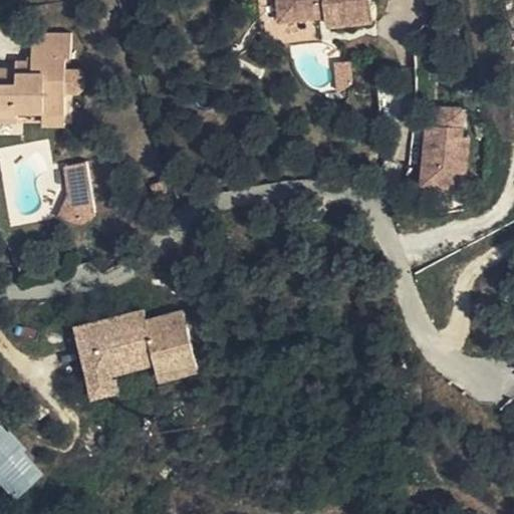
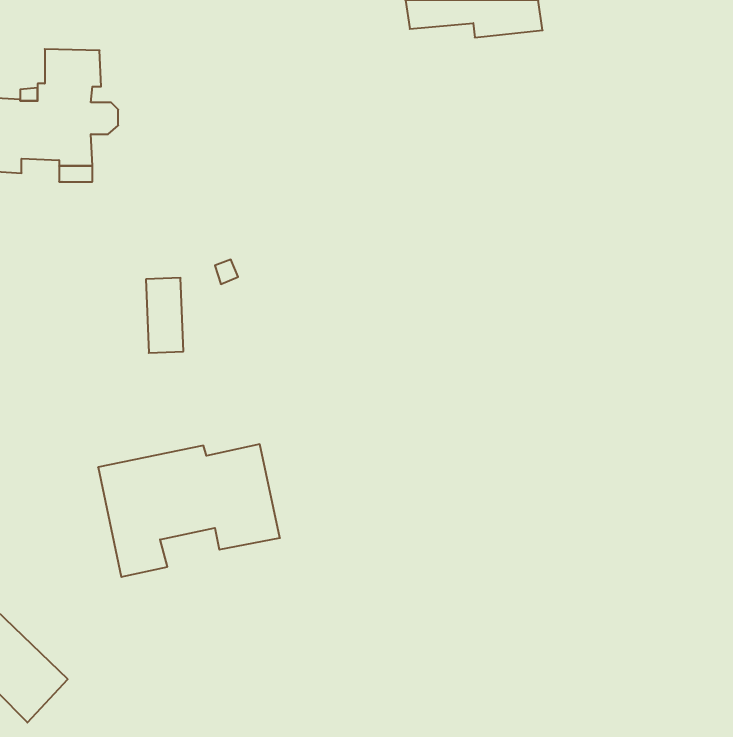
building: [430,106,471,187] -> none
building: [62,164,88,216] -> [146,278,183,353]

